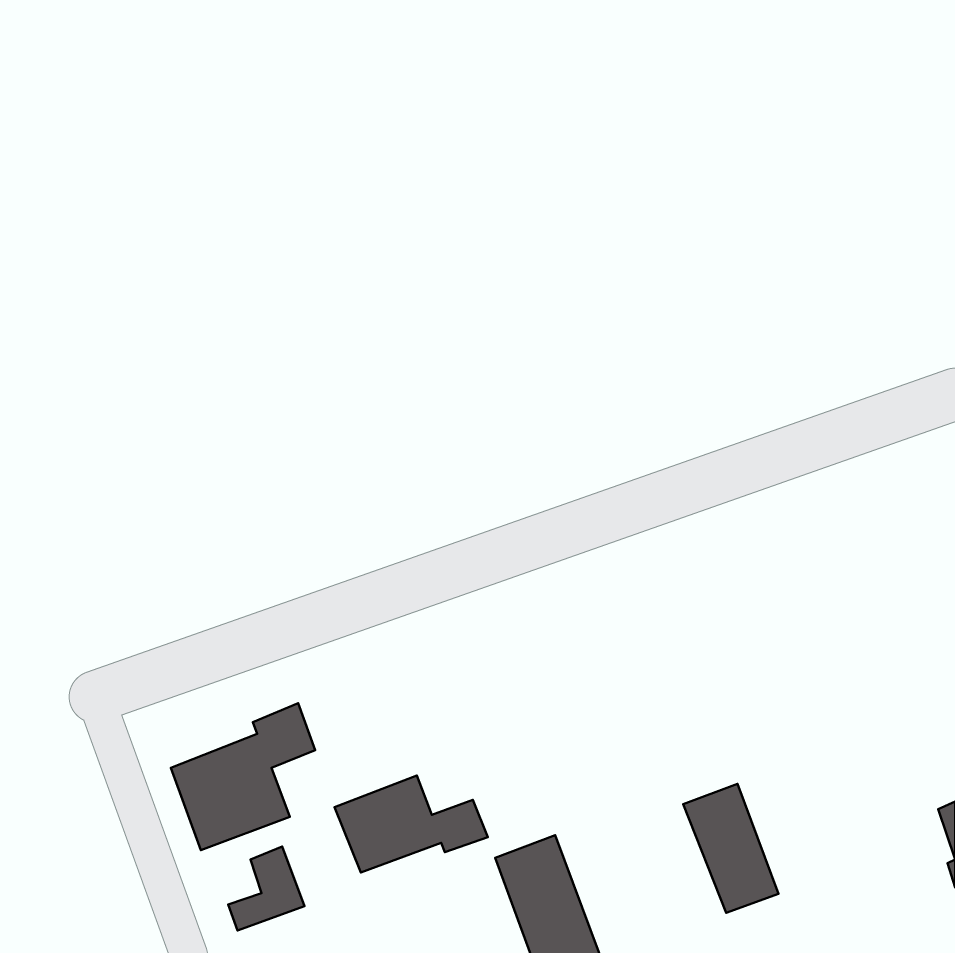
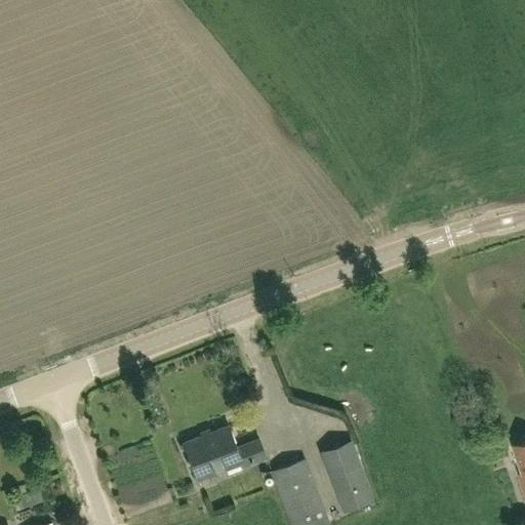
building: [171,703,315,850] -> none
building: [683,784,779,913] -> [321,441,373,512]

